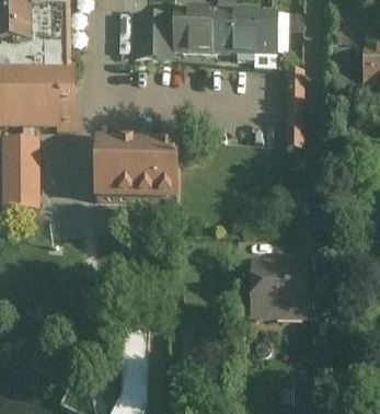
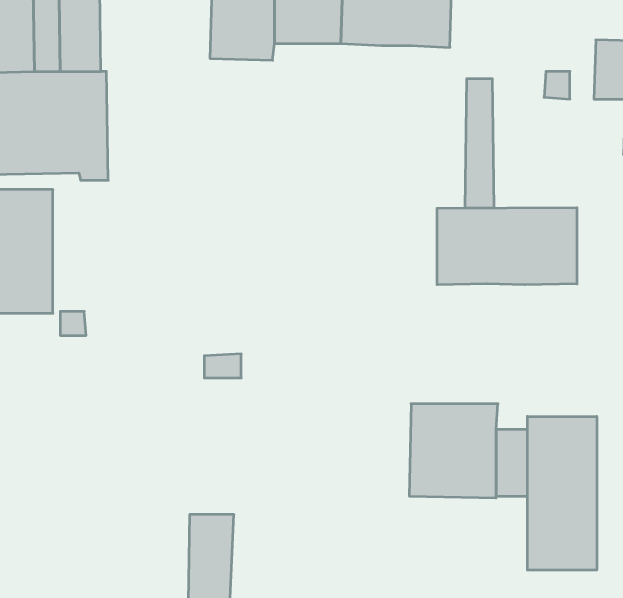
building: [94,134,176,197] -> none
building: none -> [437,208,577,285]
building: none -> [527,416,597,570]

